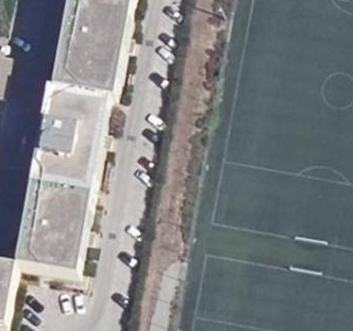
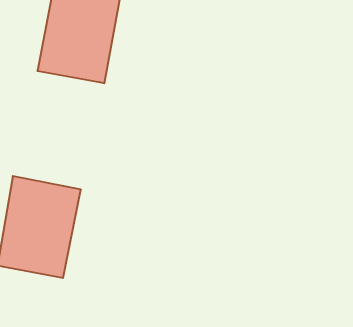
building: [30,87,109,197] -> none

